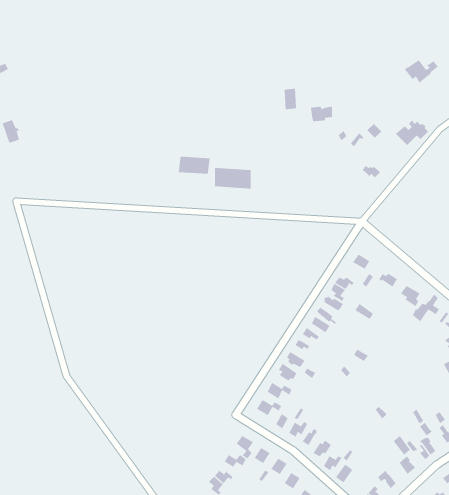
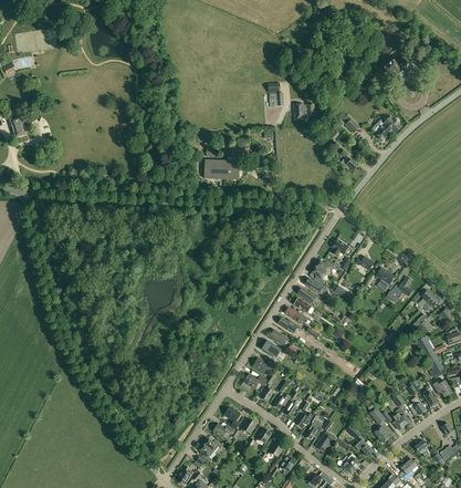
building: [178,156,210,175] -> none

